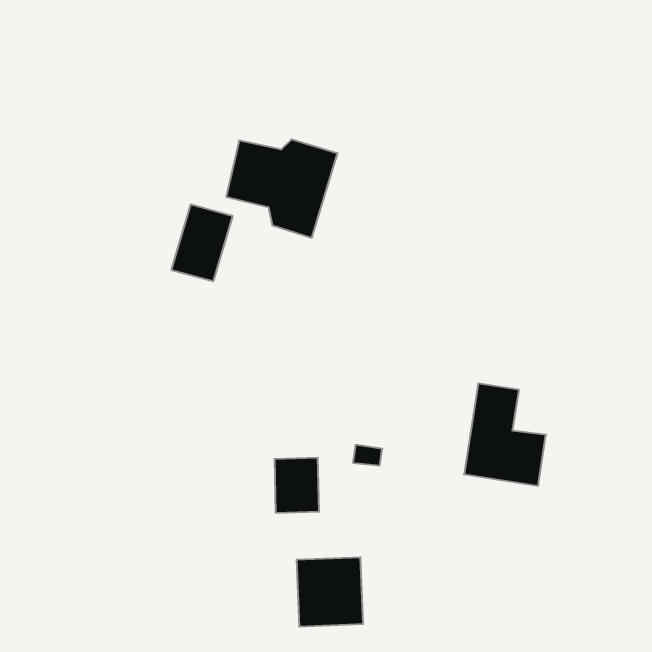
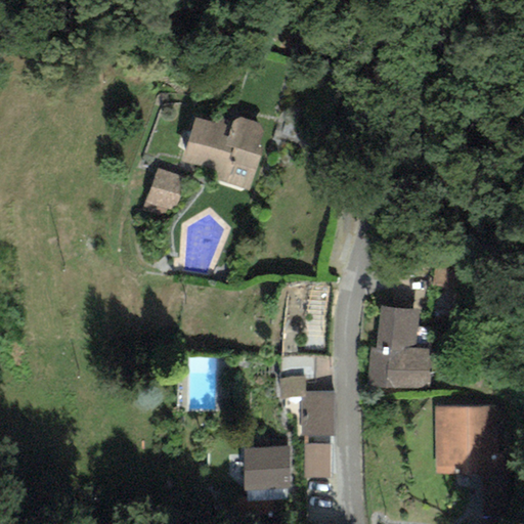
building: [274,458,319,513] -> [299,391,335,435]
building: none -> [435,402,500,472]
building: none -> [303,444,329,478]

